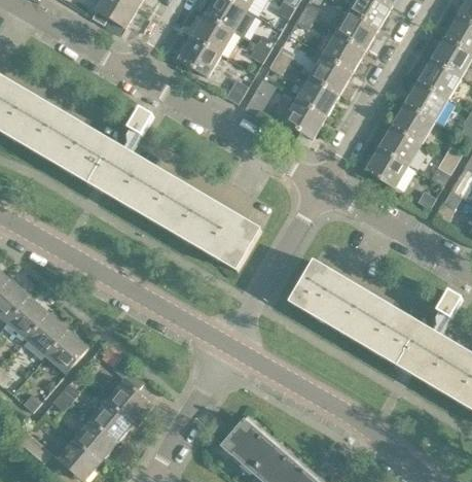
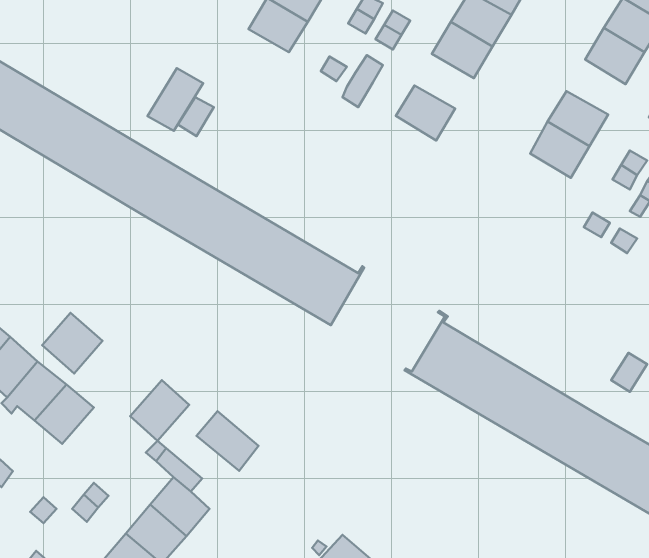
building: [297,75,339,114] -> none
building: [405,79,447,118] -> none
building: none -> [147,68,203,131]
building: [366,146,408,185] -> none
building: none -> [42,313,102,373]
building: [46,328,88,371] -> [130,380,189,441]
building: none -> [197,411,259,471]

